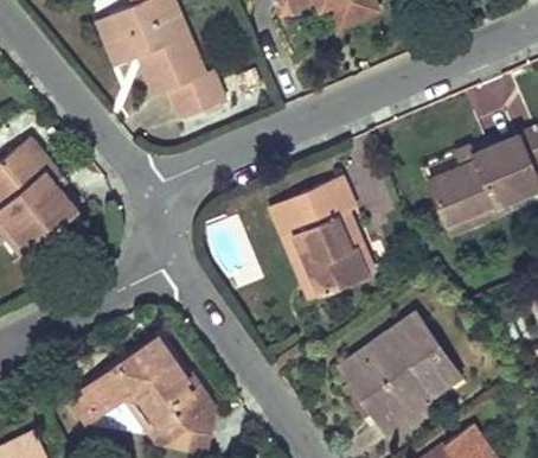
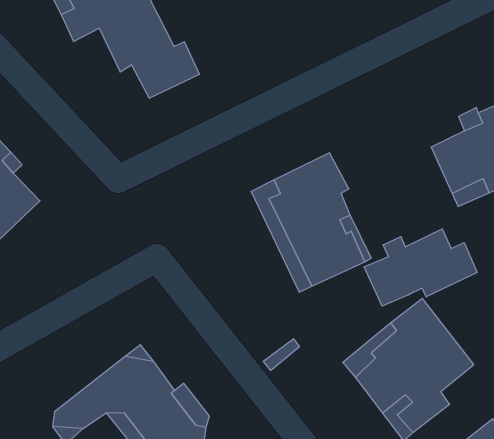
building: none -> [364,229,477,306]

